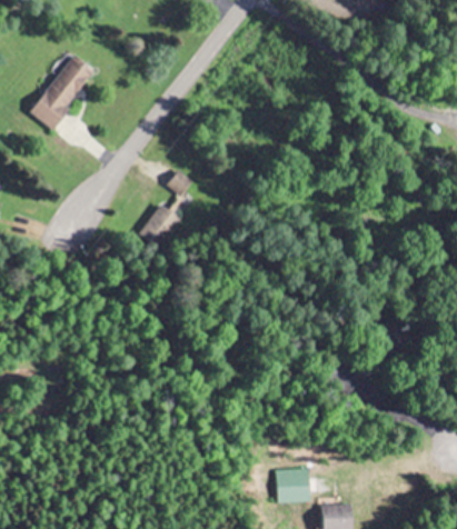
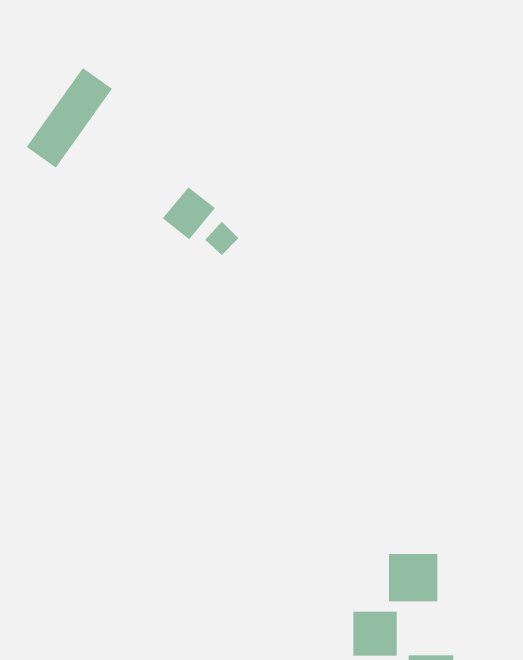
building: [140,202,181,243] -> [162,186,216,240]
building: none -> [389,553,438,602]

